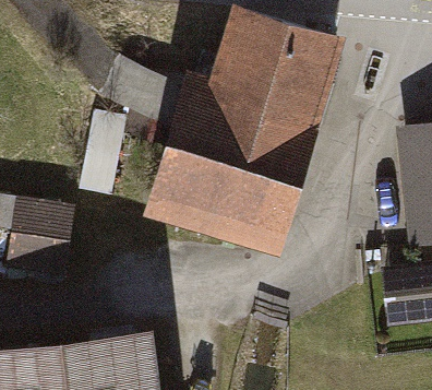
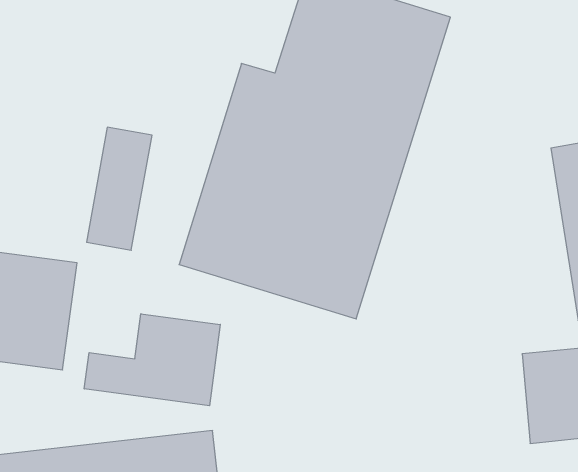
building: none -> [84,314,220,406]

